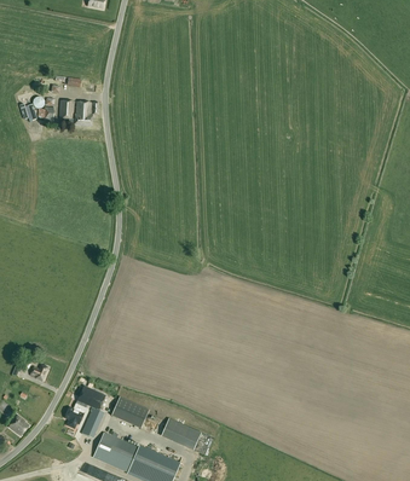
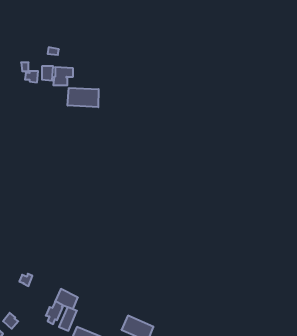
building: none -> [68,88,99,107]
building: [110,396,148,428] -> none

